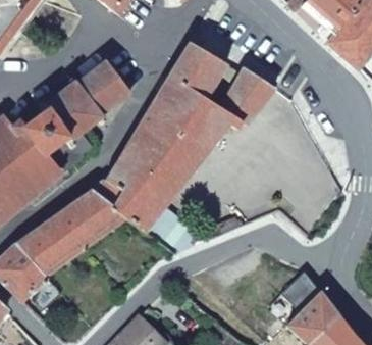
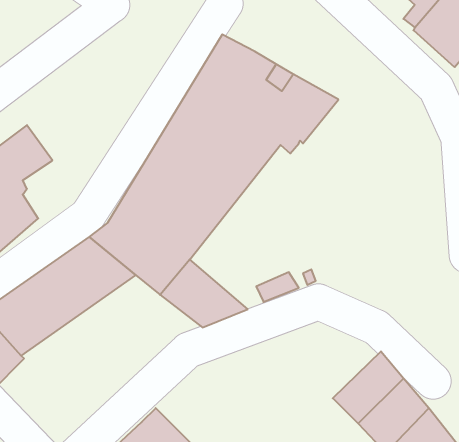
building: [46,59,136,176] -> none

